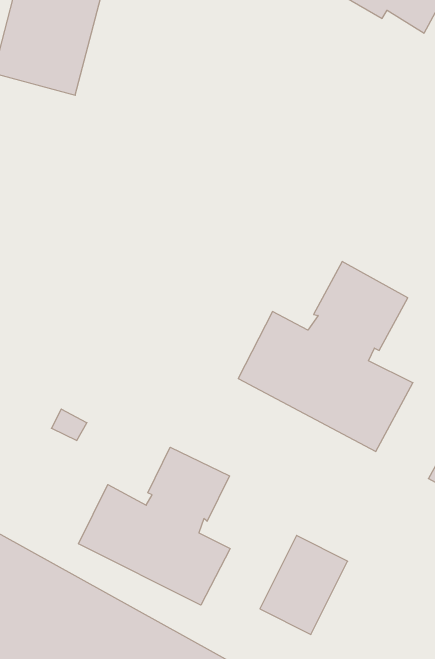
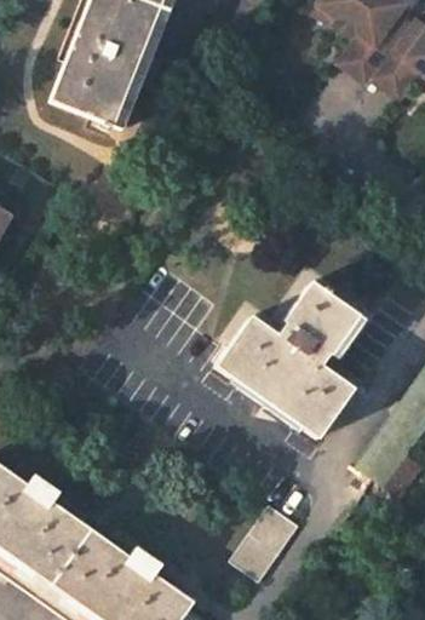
building: [79,447,230,605] -> none

